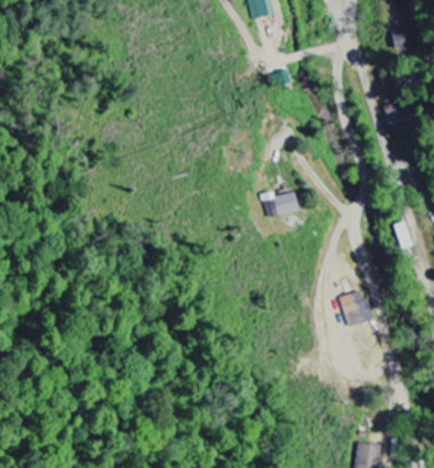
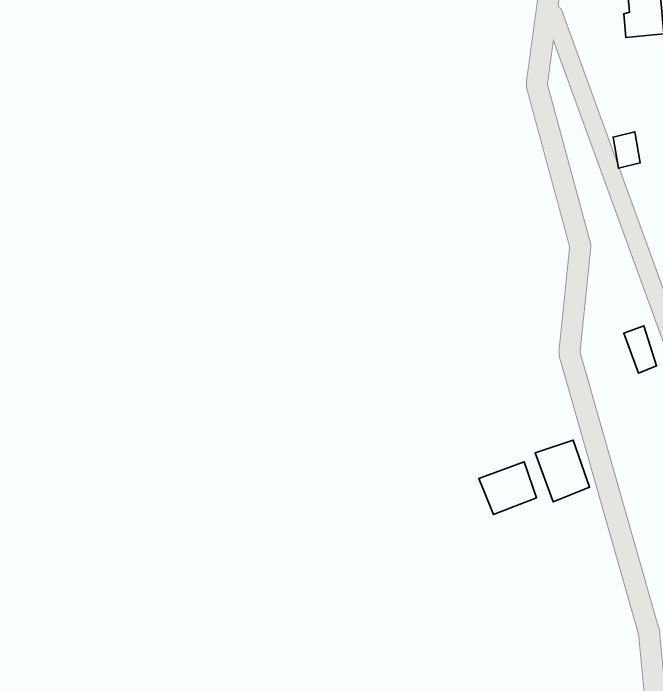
building: [262,192,292,217] -> none
building: none -> [479,462,536,515]

